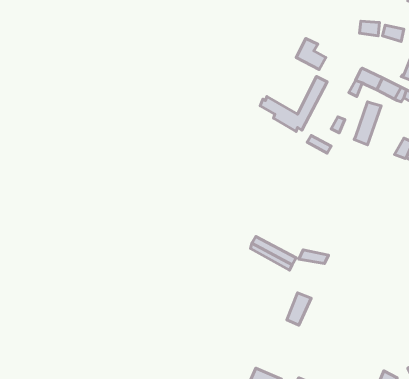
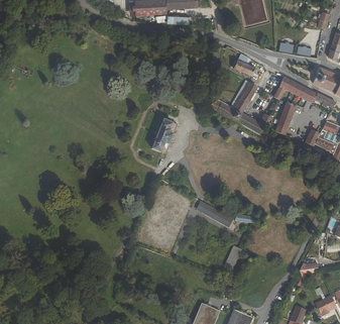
building: none -> [152,117,178,151]

